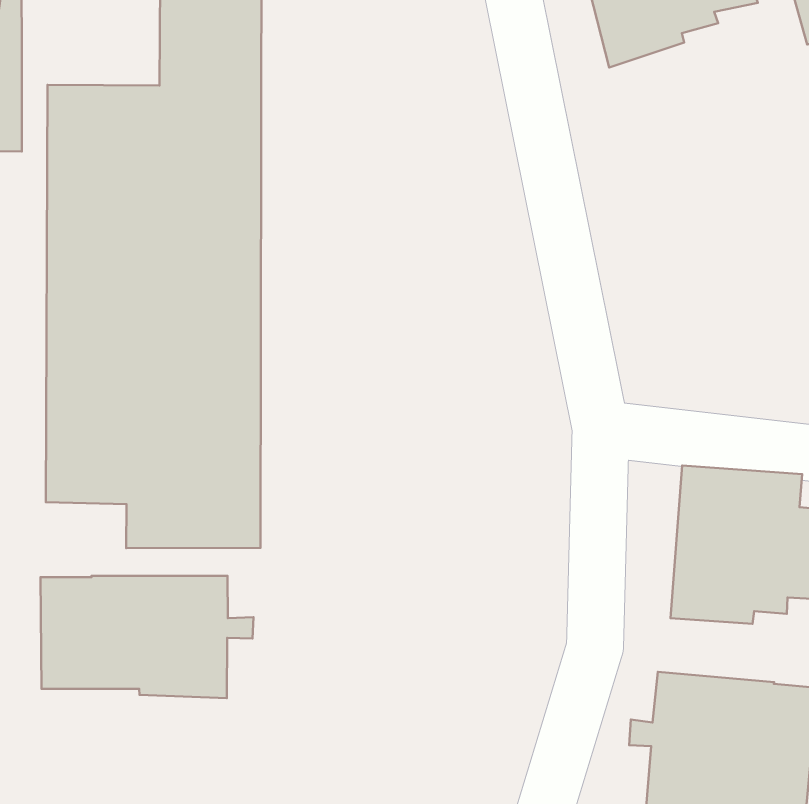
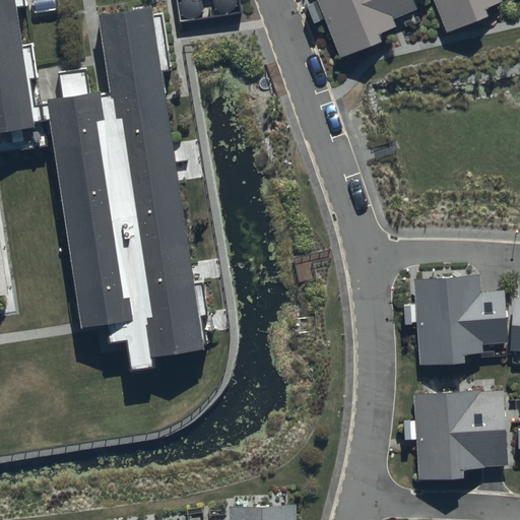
building: [41,576,253,698] -> none

